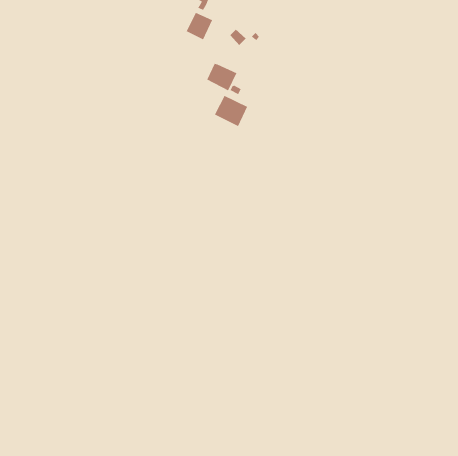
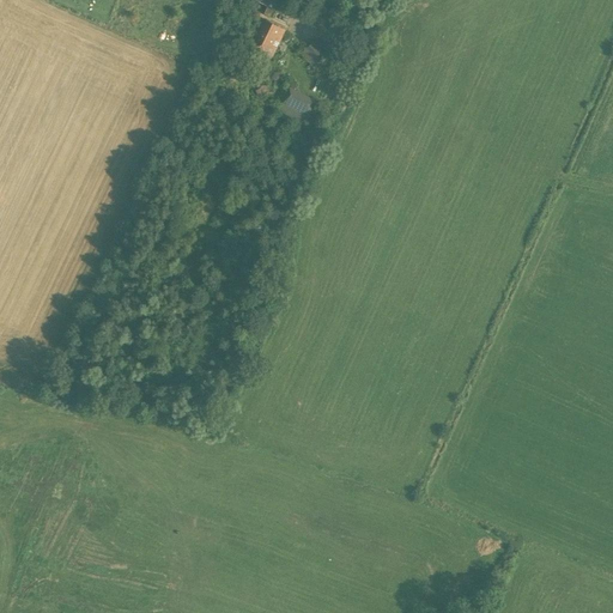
building: [214,95,248,127] -> none

